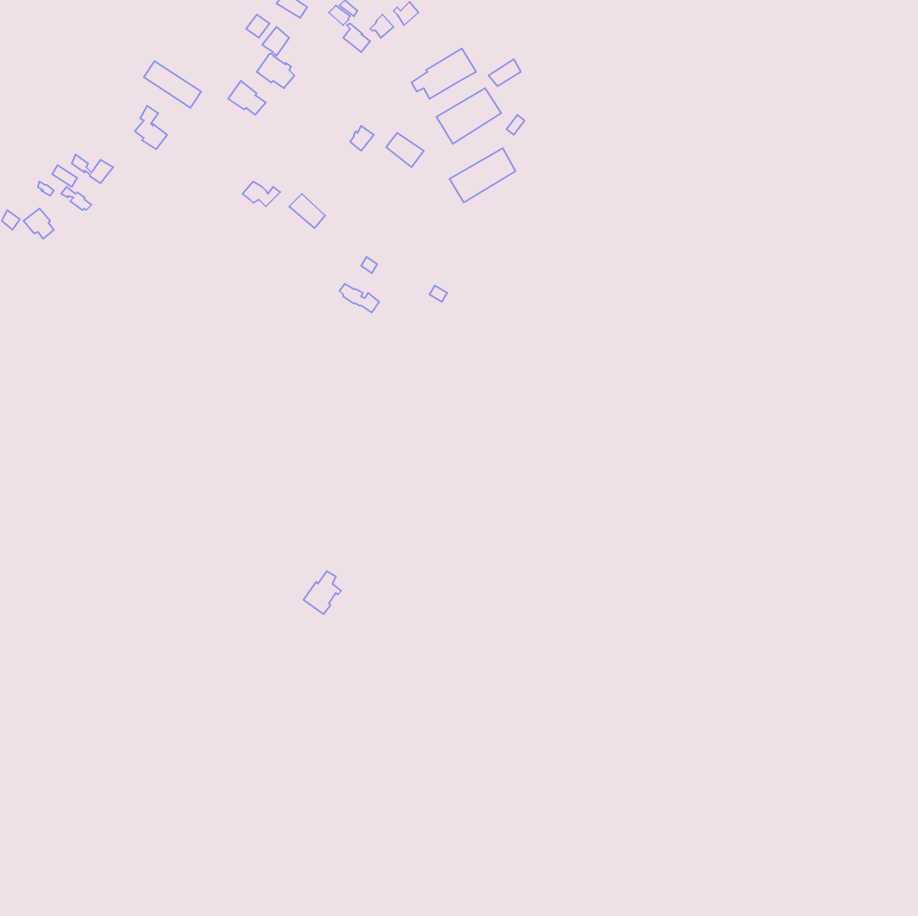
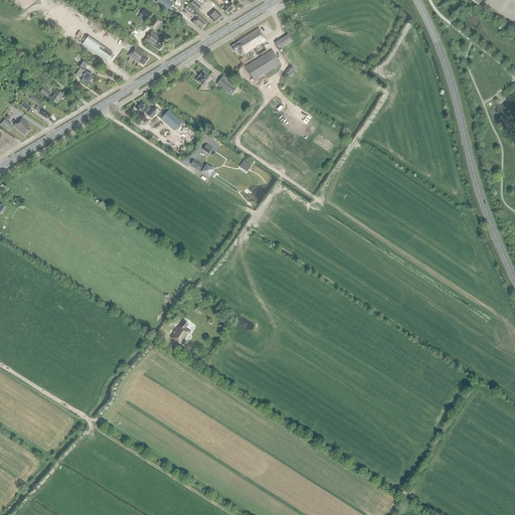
building: [450,148,516,203] -> none

